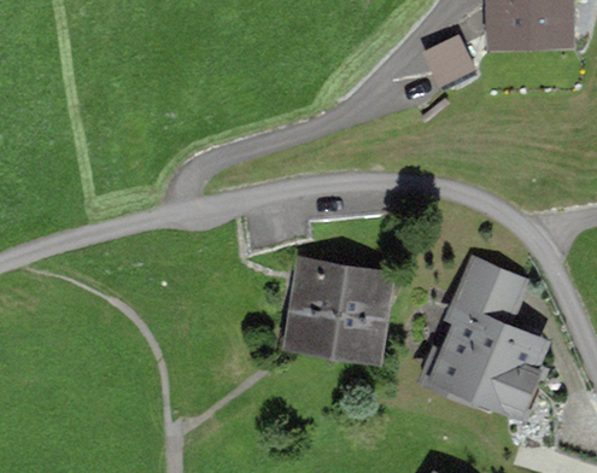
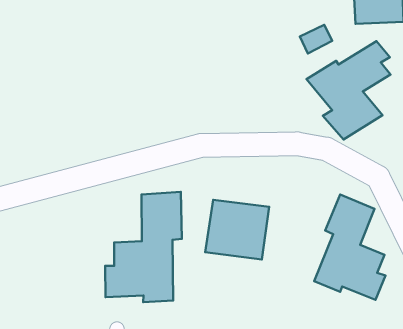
building: none -> [306,41,391,139]
building: none -> [105,192,182,302]

